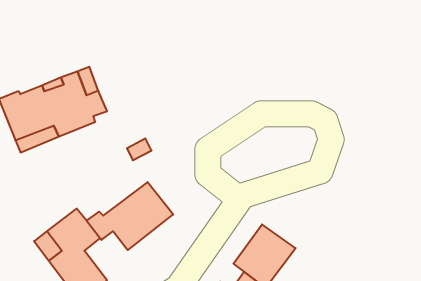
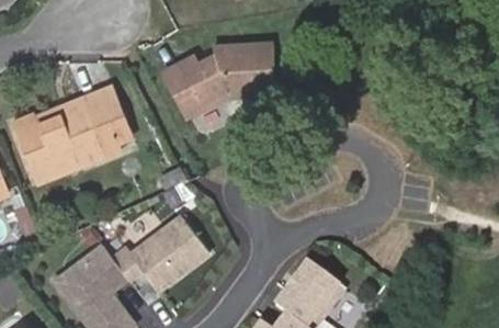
building: none -> [166,42,268,109]

